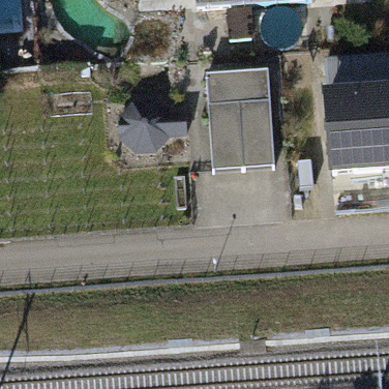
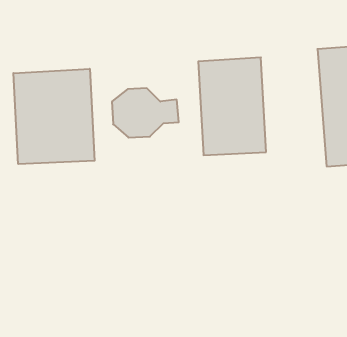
building: none -> [13,69,95,164]

